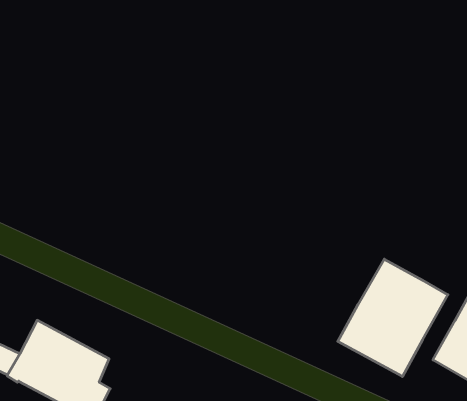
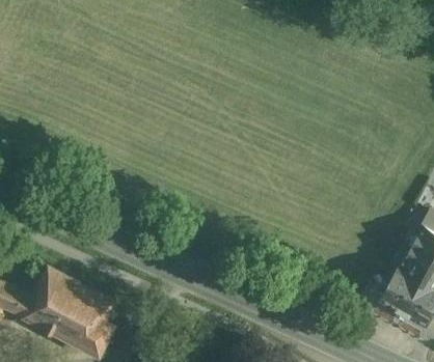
building: [338,259,448,377] -> none

